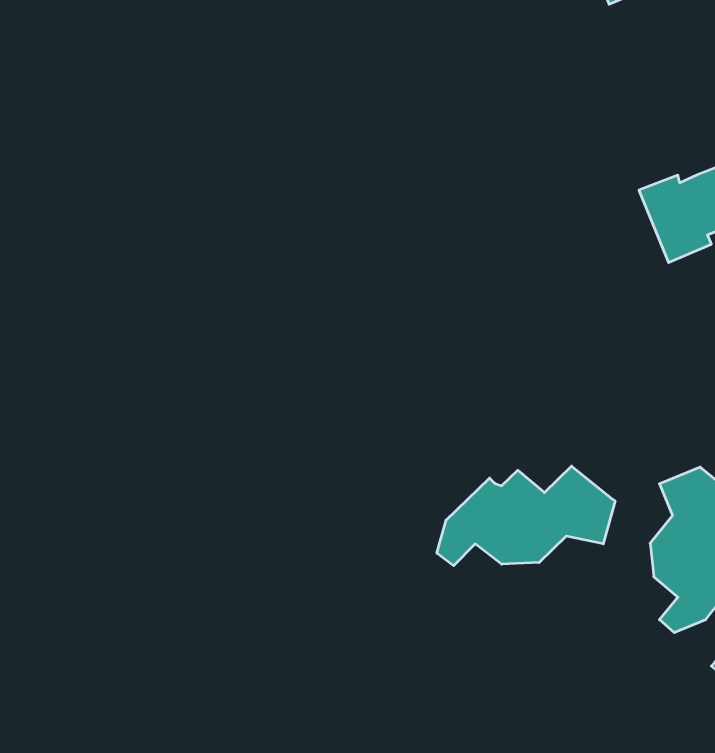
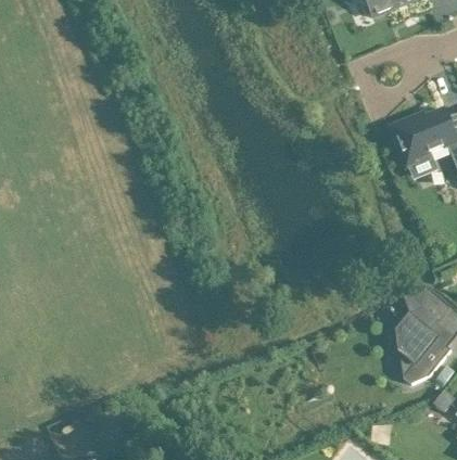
building: [437,466,615,566] -> none

